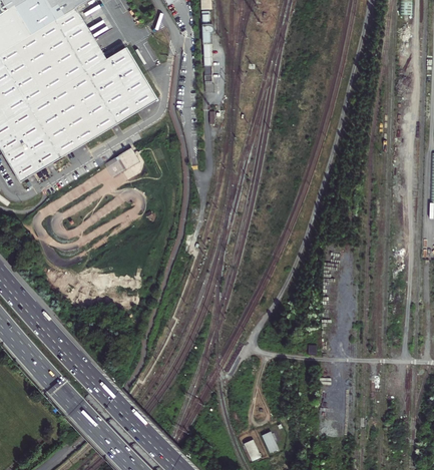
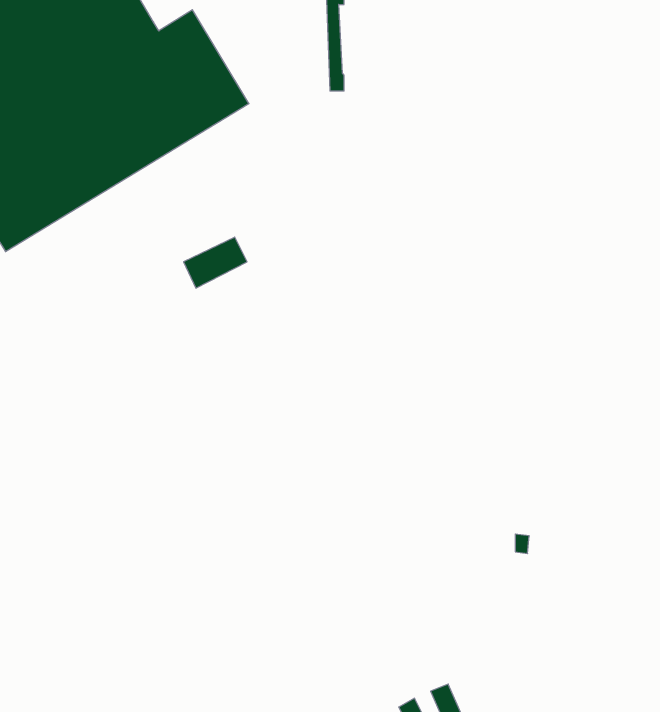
building: [104,146,140,175] -> [184,237,247,288]

